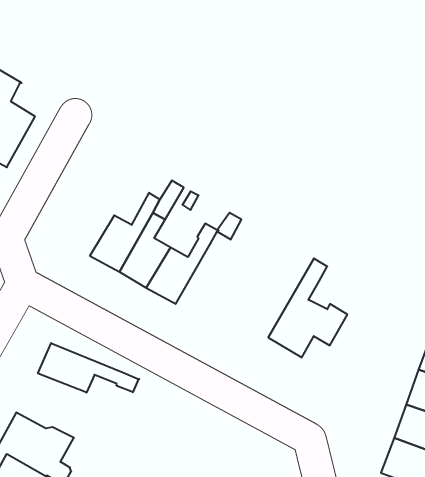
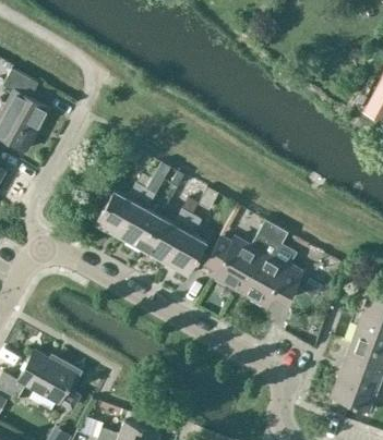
building: none -> [164,212,206,276]
building: none -> [204,219,276,289]
building: [38,343,139,393] -> none

